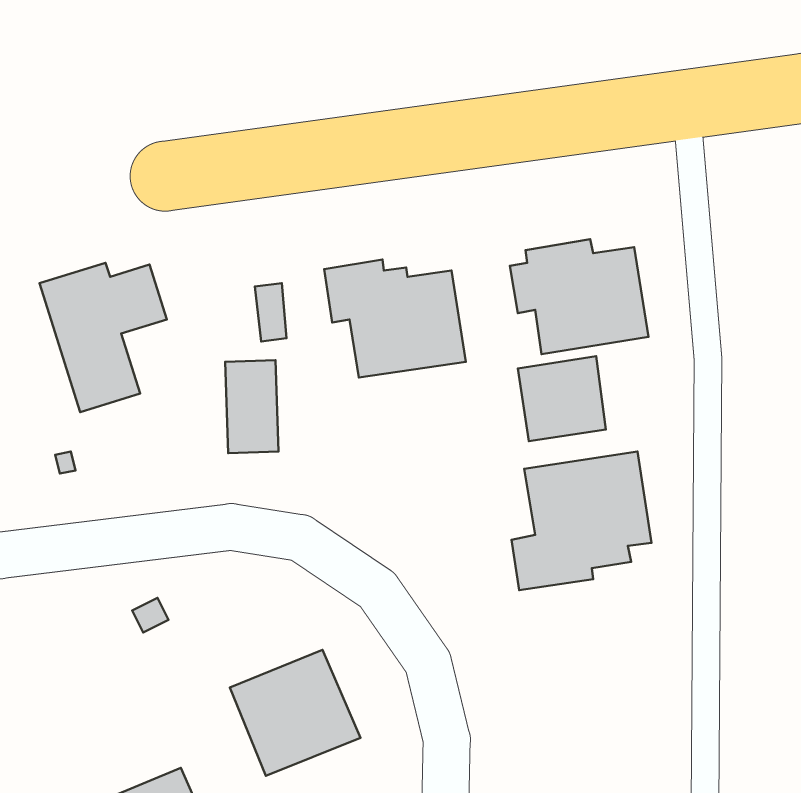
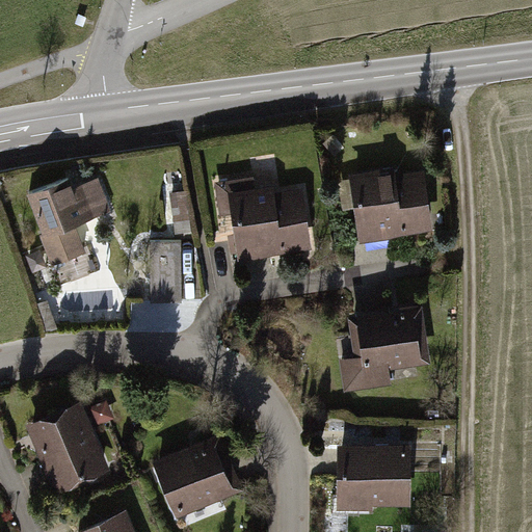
building: [518,356,606,441] -> none
building: none -> [28,404,108,489]
building: none -> [340,443,411,509]

